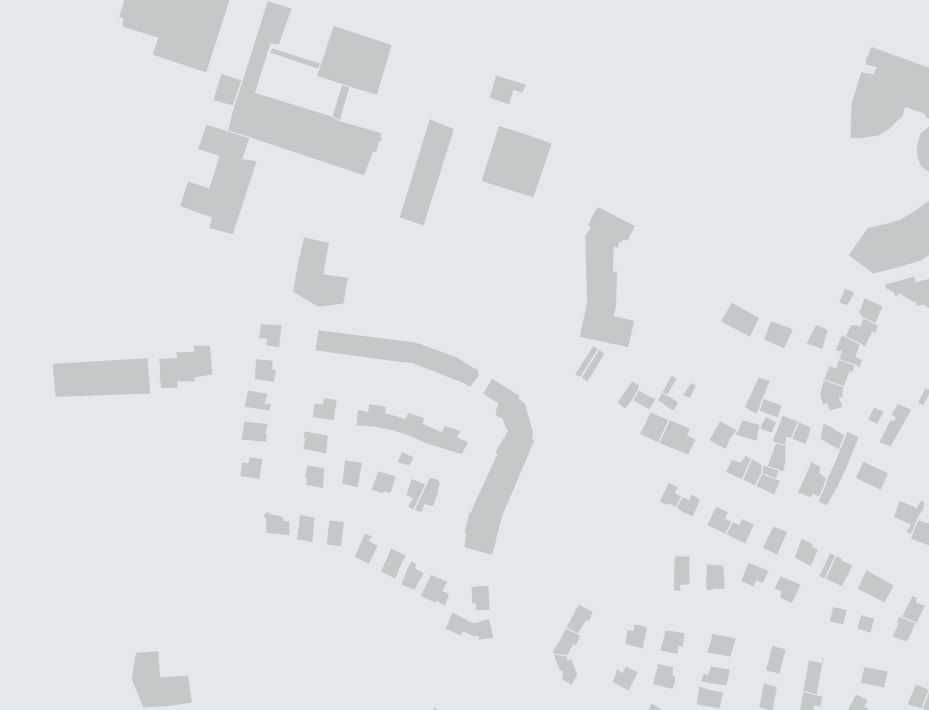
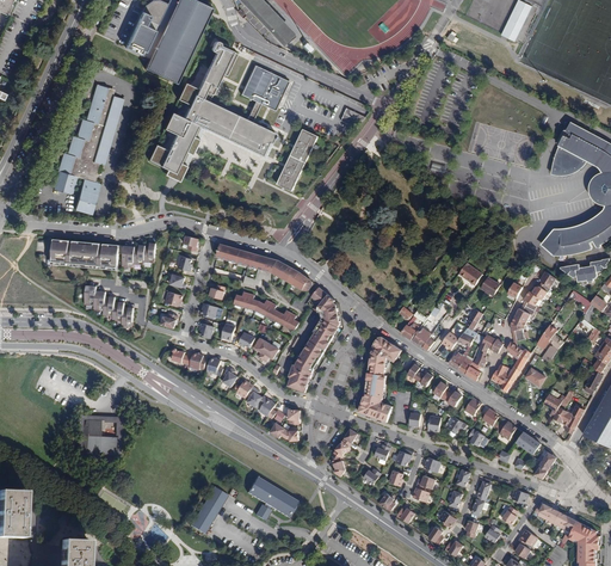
building: none -> [54,84,123,214]
building: [481,125,552,198] -> none
building: [579,207,636,348] -> [358,336,401,422]
building: [293,236,348,307] -> none
building: none -> [84,285,134,326]

